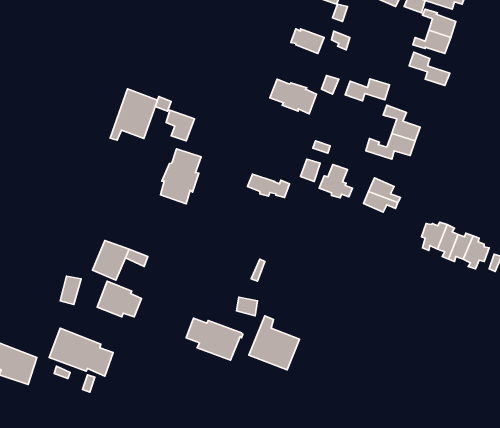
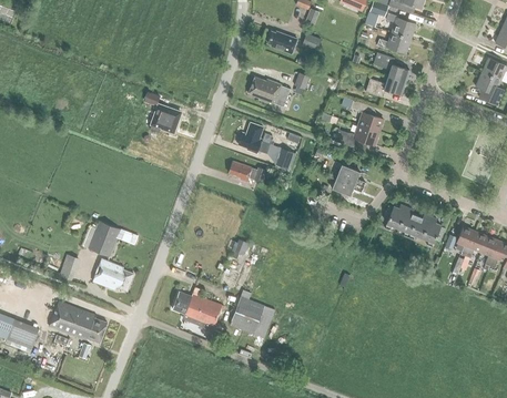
building: [345,79,390,101] -> [365,75,405,95]
building: [110,89,157,140] -> none
building: [160,149,201,204] -> none
building: [319,165,352,198] -> [237,122,267,152]

